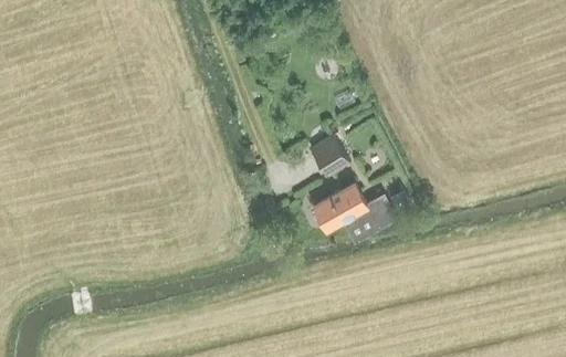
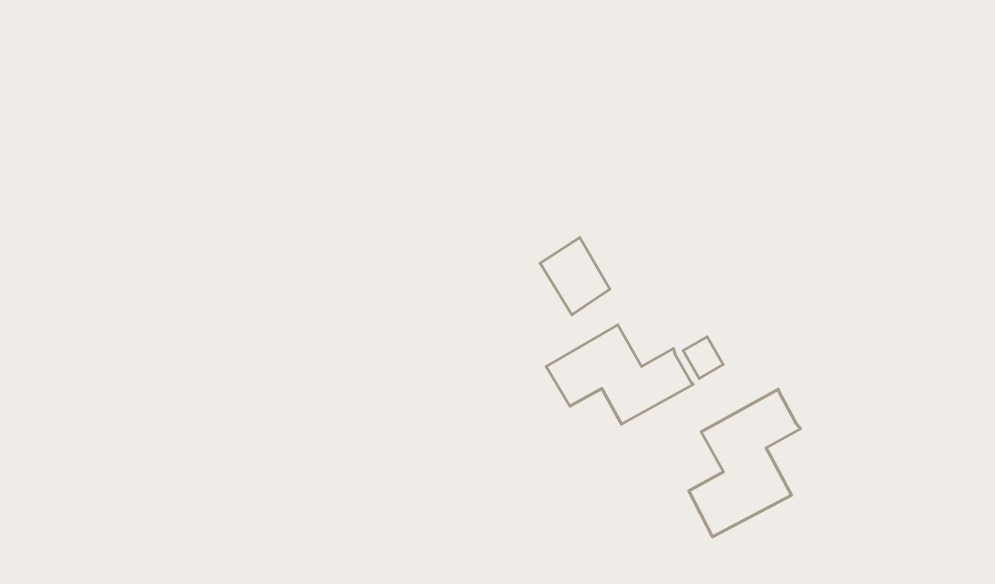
building: none -> [689,389,801,537]

